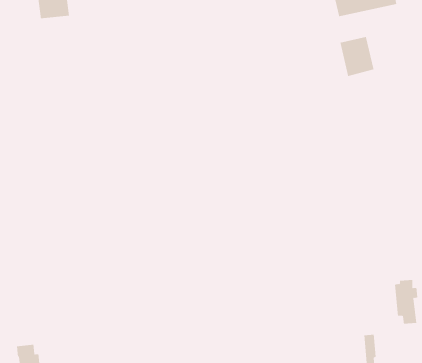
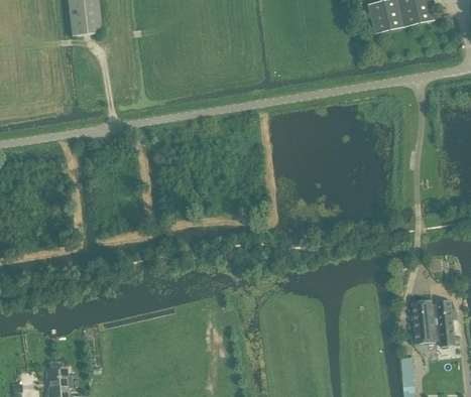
building: [340,36,374,77] -> none
building: none -> [413,299,436,342]

